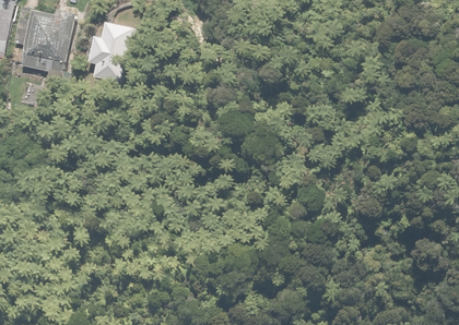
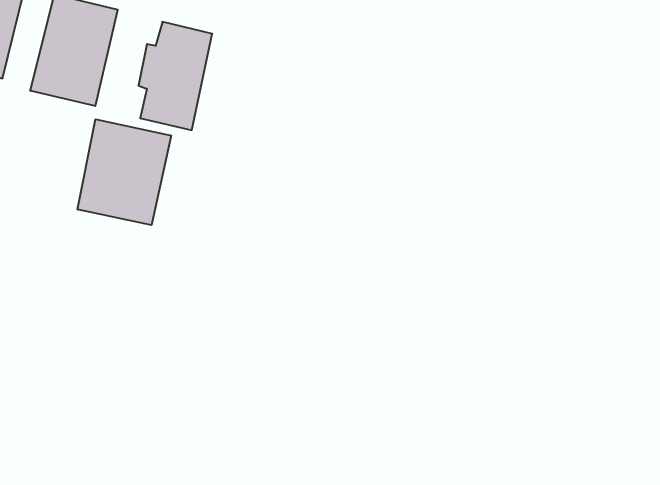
building: none -> [78,119,171,225]

